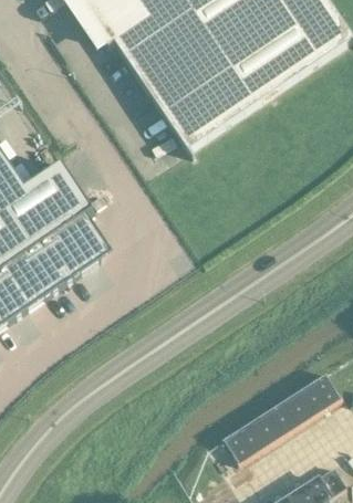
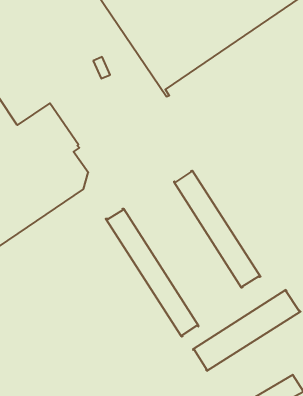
building: none -> [174,171,261,288]
building: none -> [106,209,198,337]

